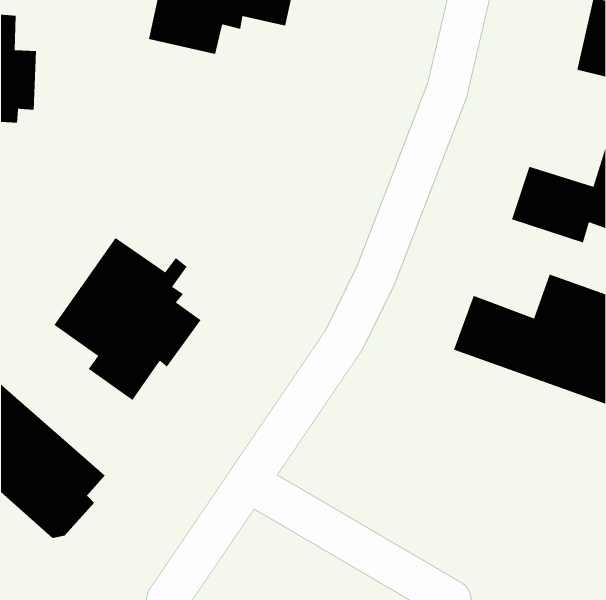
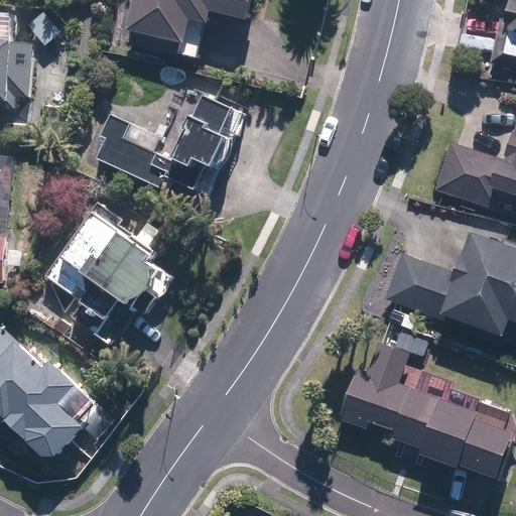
building: none -> [97,86,242,196]
building: none -> [339,347,509,476]

